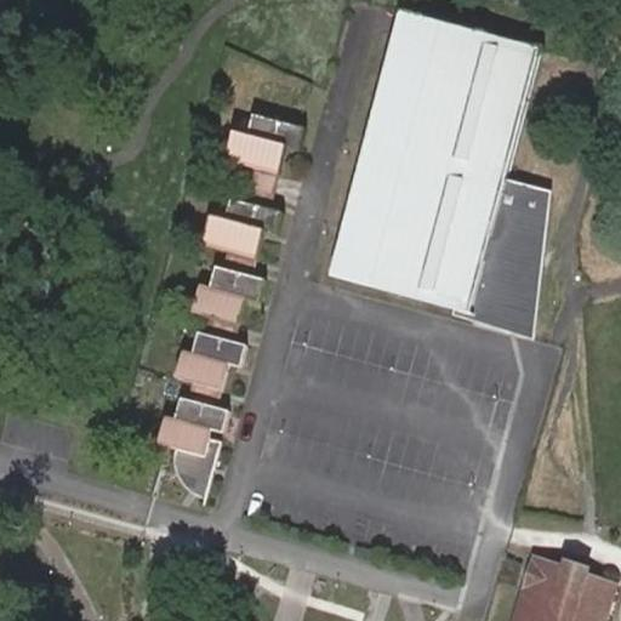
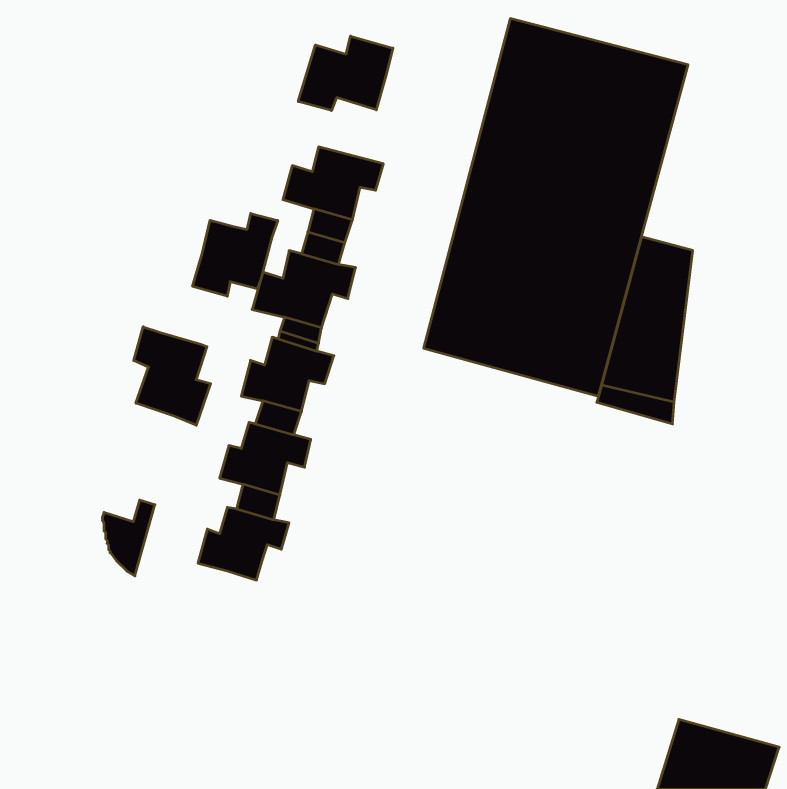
building: none -> [298,36,393,111]
building: none -> [193,213,278,296]
building: none -> [134,327,211,425]
building: [177,438,218,497] -> [102,500,155,576]

